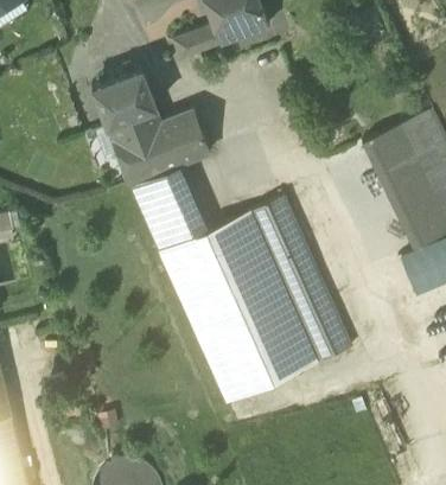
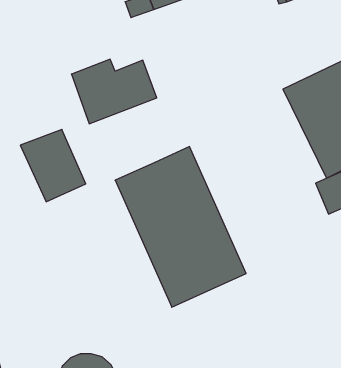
building: [93,68,157,126] -> none
building: [130,166,209,253] -> [20,129,86,202]
building: [250,197,352,364] -> none

